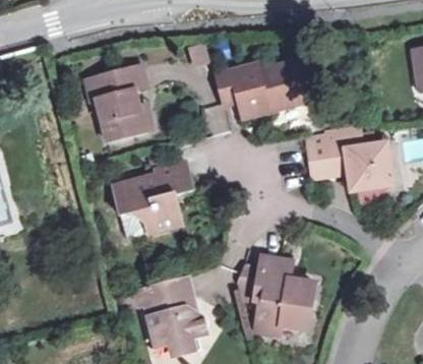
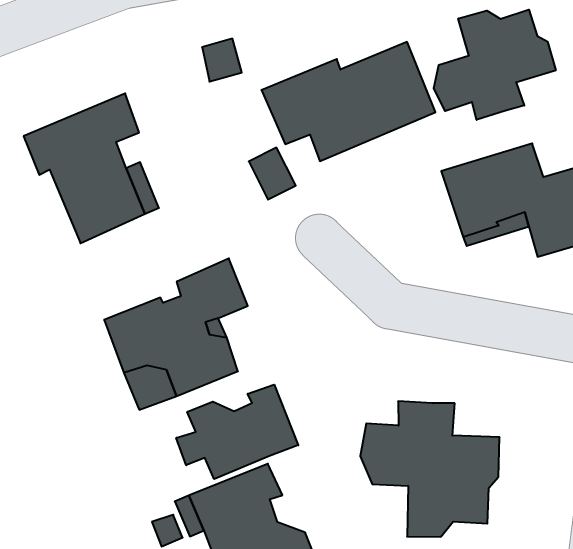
building: none -> [434,10,556,120]
building: none -> [176,385,298,479]

